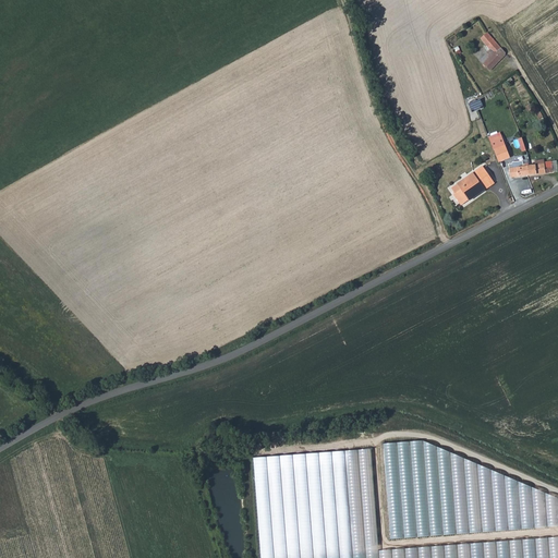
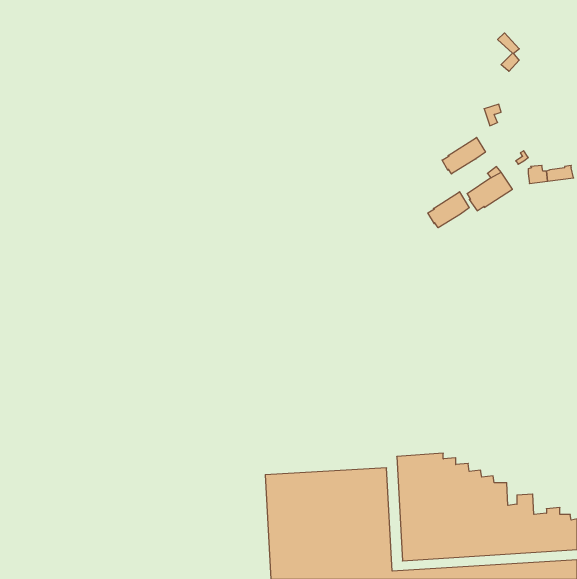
building: none -> [442,137,485,174]
building: none -> [428,192,469,228]

